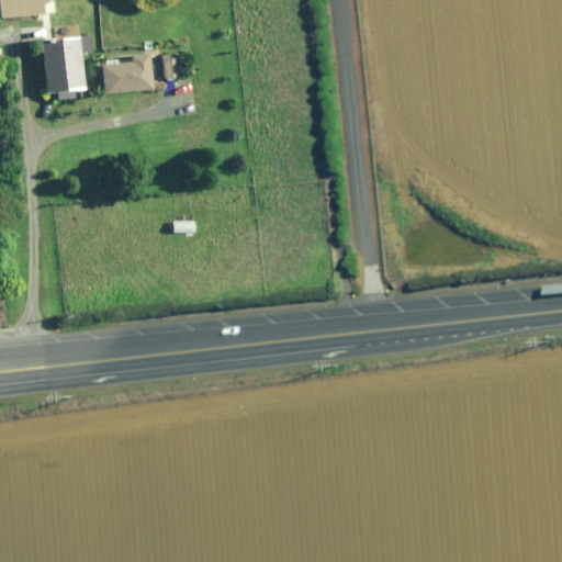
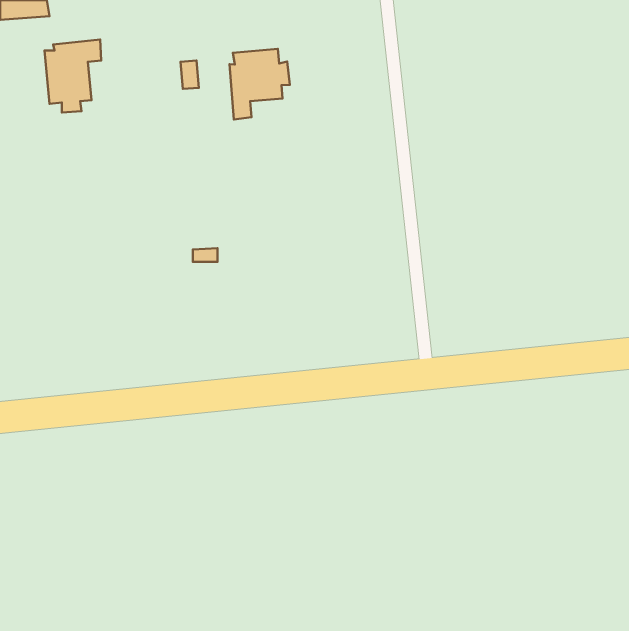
building: none -> [229,49,290,120]
building: [100,57,154,94] -> none

